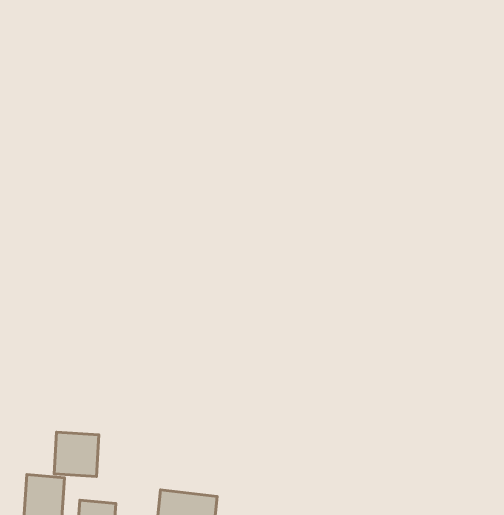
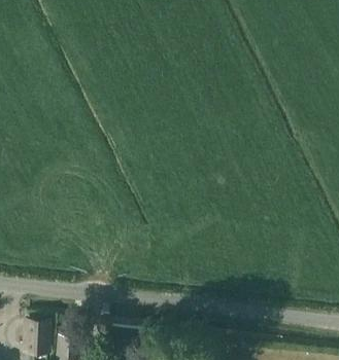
building: [54,432,99,477] -> none

